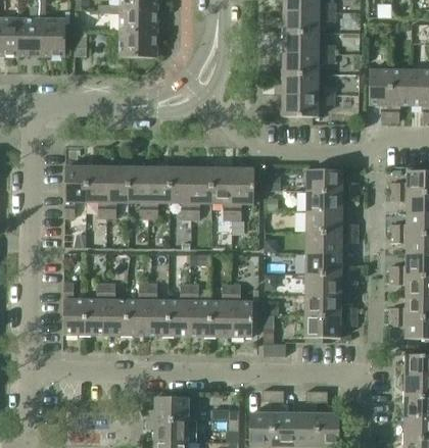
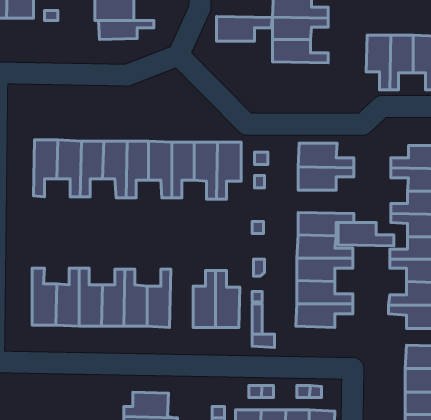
building: none -> [98,21,154,39]
building: [283,94,334,116] -> [217,17,272,41]
building: [306,211,357,233] -> [338,222,394,246]
building: [189,284,210,337] -> none

